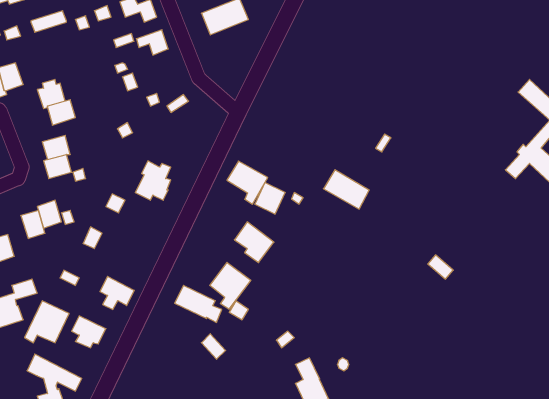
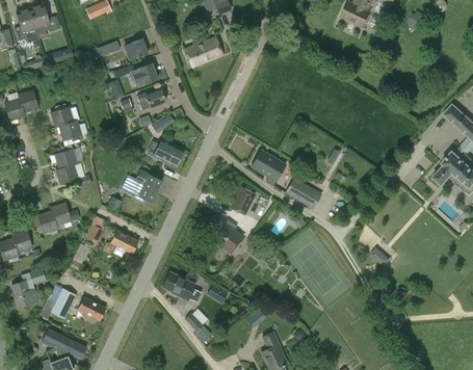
building: none -> [136,89,166,111]
building: none -> [153,139,184,167]
building: [227,161,268,204] -> [252,151,285,186]
building: [210,262,251,309] -> none
building: [100,276,134,309] -> [110,230,138,257]

